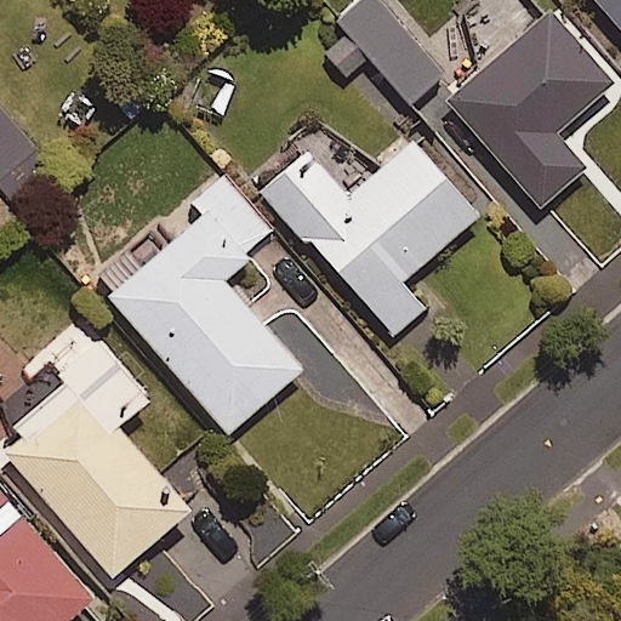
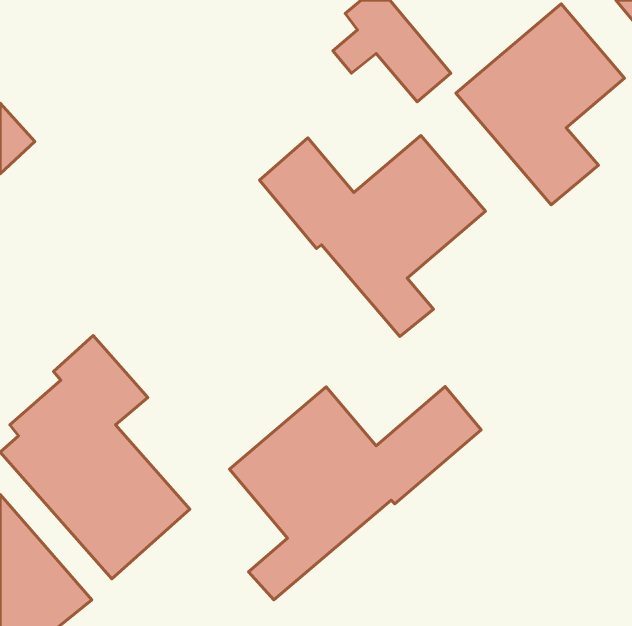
building: [97,180,300,432] -> none
building: none -> [230,386,481,600]

